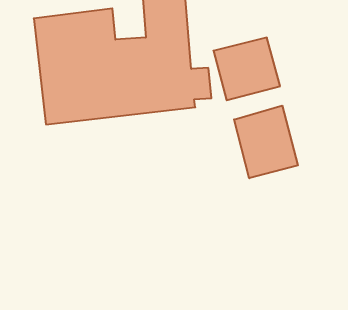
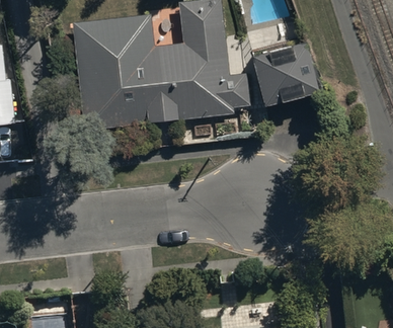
building: [234,106,298,178] -> none

